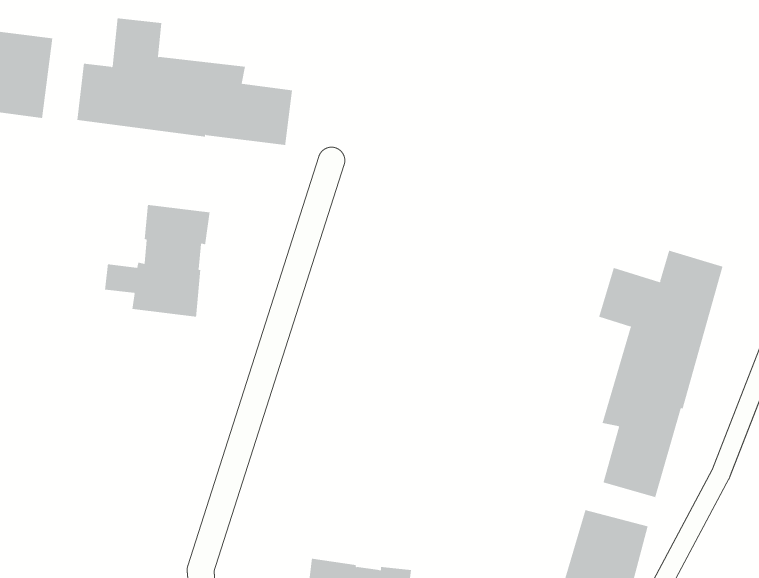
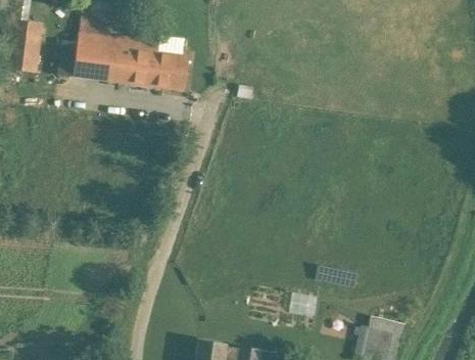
building: [105,204,210,318] -> none
building: [599,250,723,498] -> none

